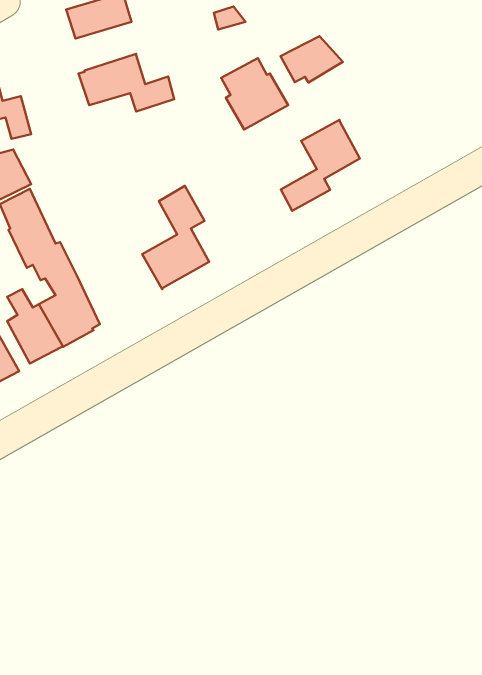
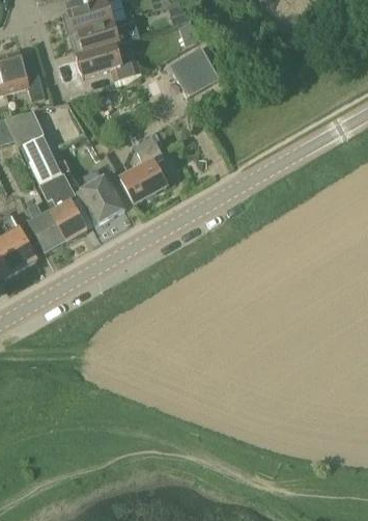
building: none -> [76,13,137,53]
building: [280,36,343,83] -> none
building: [281,120,360,211] -> none
building: none -> [77,172,125,226]

